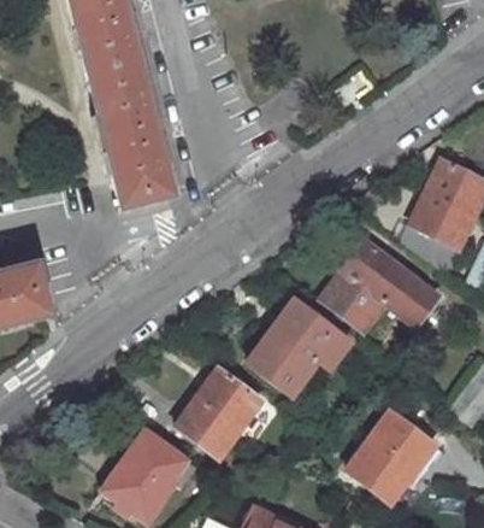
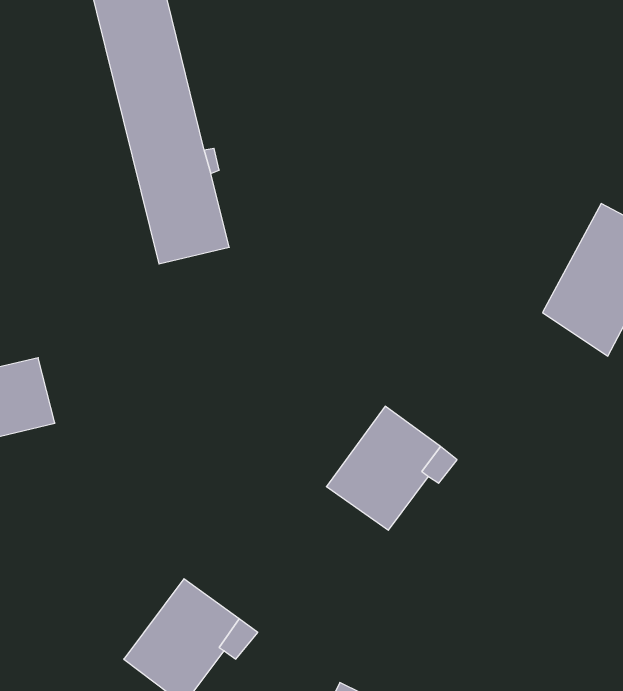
building: [319,242,430,332] -> none
building: [172,368,259,458] -> none
building: [346,409,444,500] -> none

